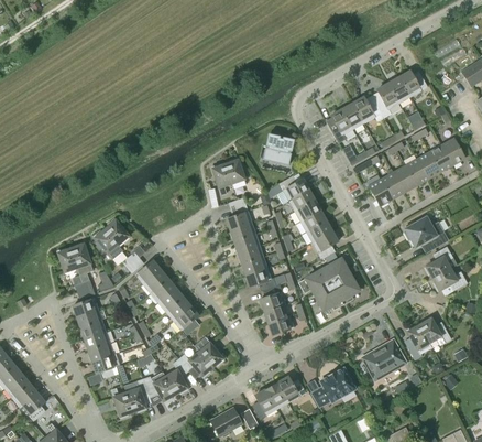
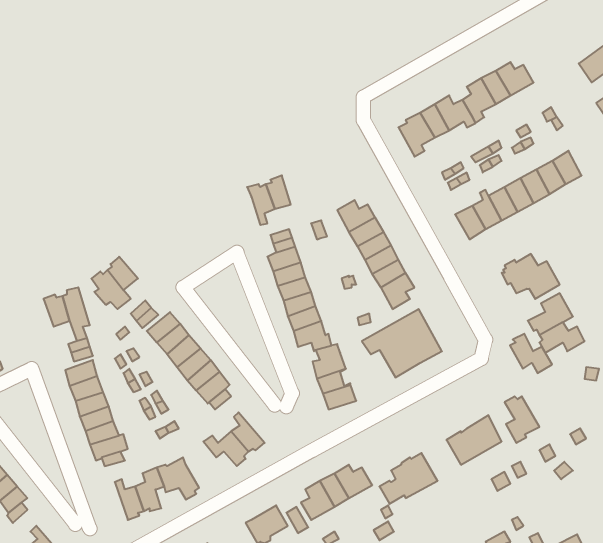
building: [263,134,293,163] -> none
building: [418,315,450,345] -> [510,334,552,373]
building: [164,358,187,394] -> none

